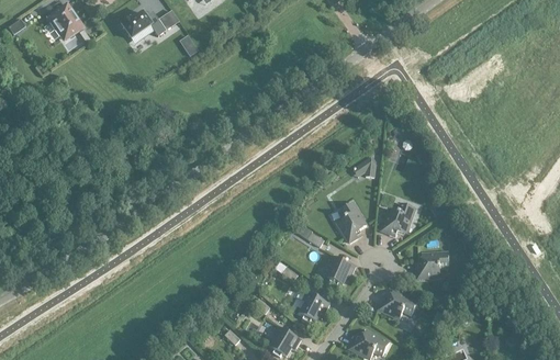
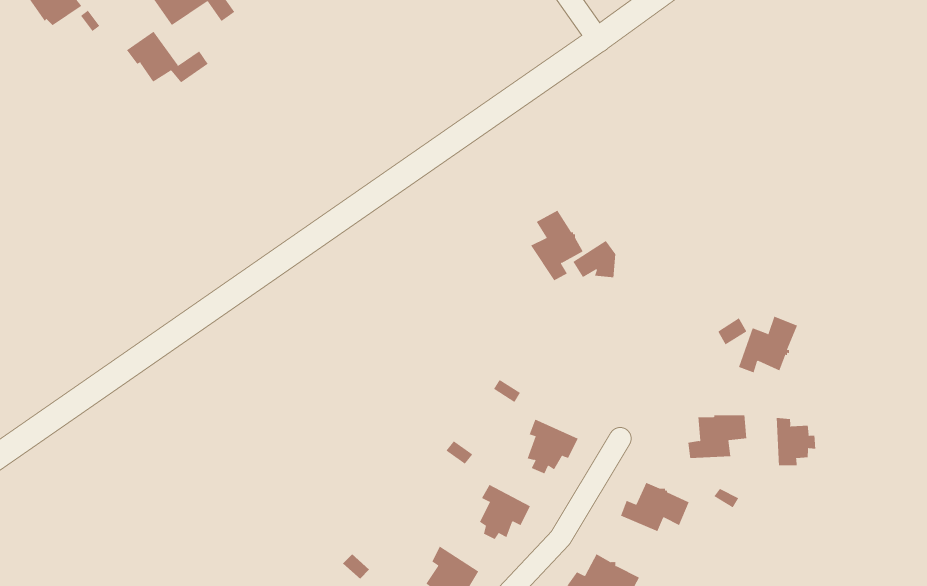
building: none -> [126,31,209,83]
building: [336,202,366,241] -> [530,210,584,281]
building: [381,202,414,234] -> [738,316,798,373]
building: none -> [776,417,816,466]

